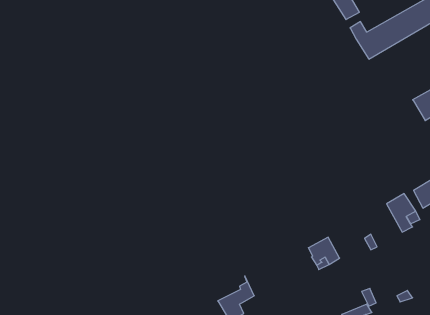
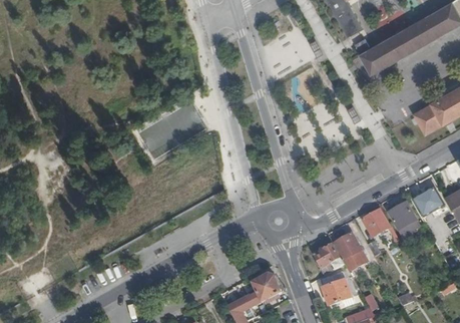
building: none -> [362,212,398,244]
building: none -> [334,235,360,261]
building: none -> [252,274,280,302]
building: none -> [320,274,355,308]

